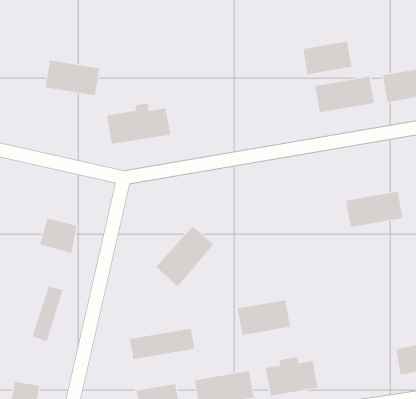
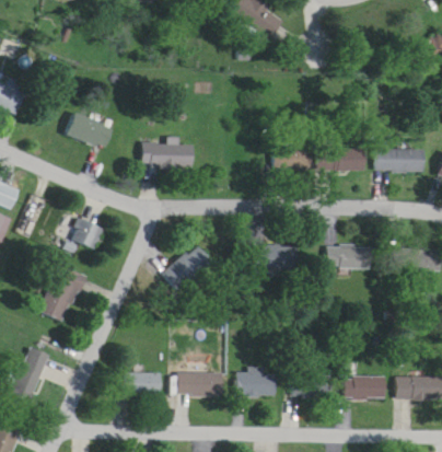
building: [302,41,352,75] -> [272,148,311,170]
building: [45,60,100,96] -> [65,113,113,149]
building: [237,300,291,335] -> [256,245,298,268]
building: [129,328,195,360] -> none
building: none -> [293,374,333,396]

